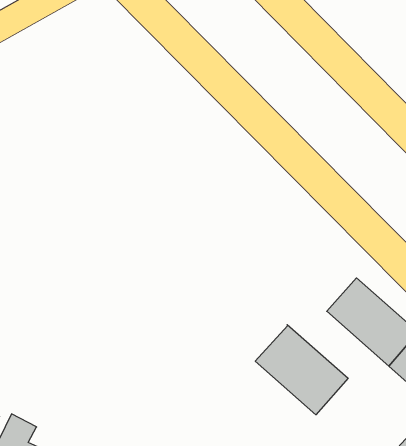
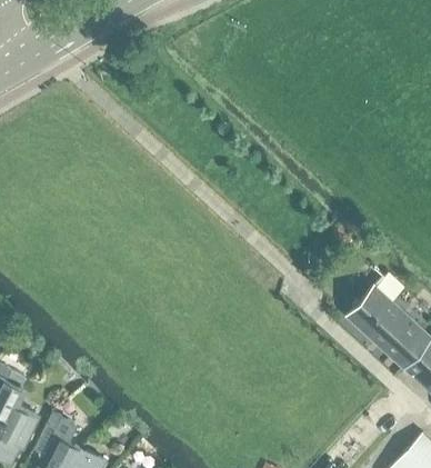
building: [255,325,348,415] -> none

